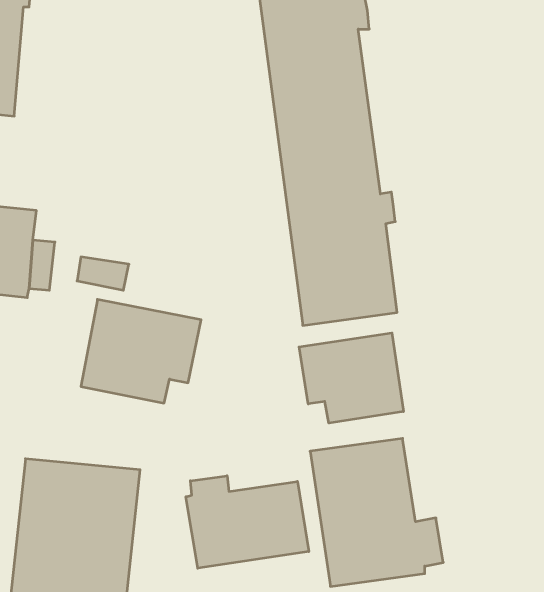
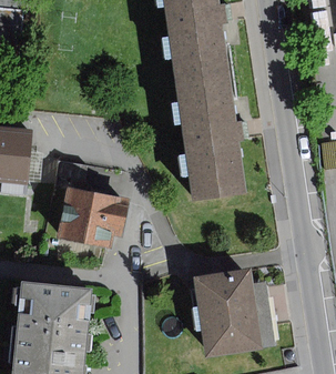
building: [299,333,403,423] -> none
building: [186,476,309,568] -> none

